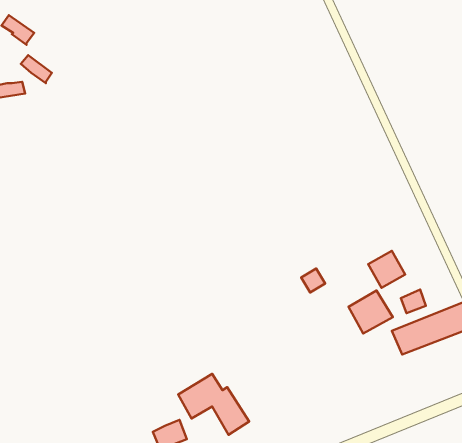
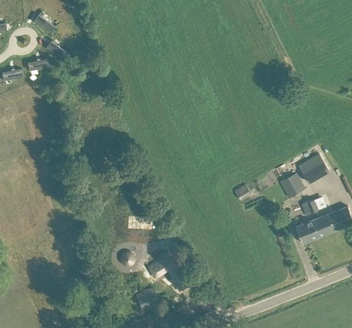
building: [348,291,393,334] -> [299,154,329,183]

